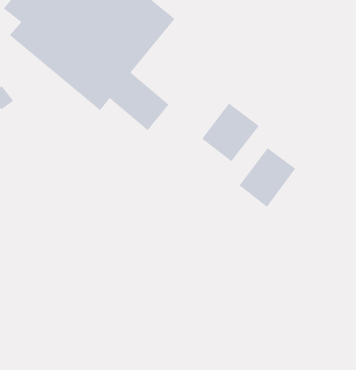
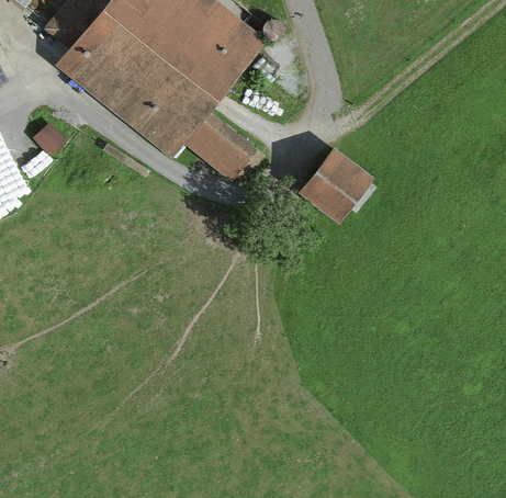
building: [238,147,296,208] -> none

